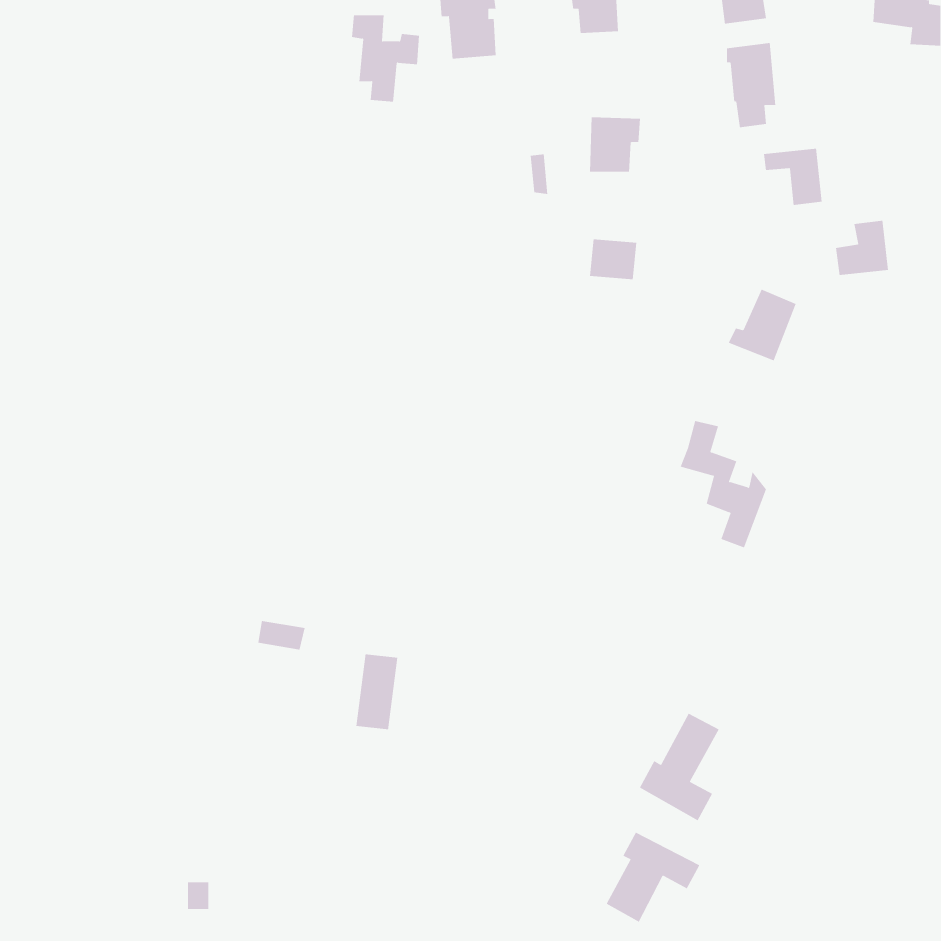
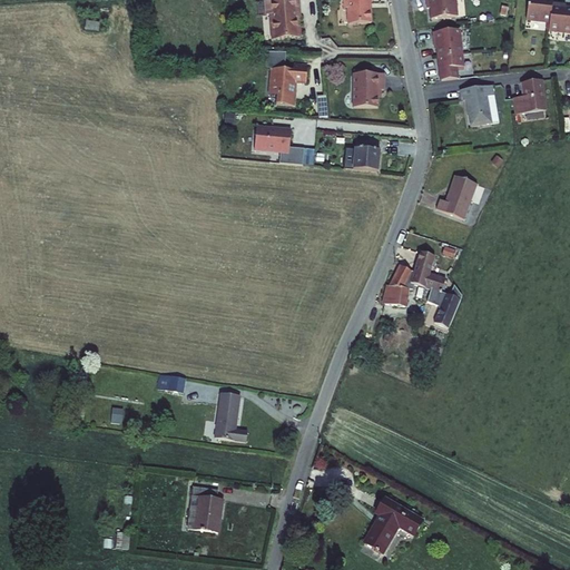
building: [351,15,420,102] -> [264,51,305,104]
building: none -> [255,122,305,160]
building: [835,220,889,276] -> [513,82,546,116]
building: none -> [381,263,410,304]
building: [639,713,720,821] -> none
building: none -> [187,485,222,531]

